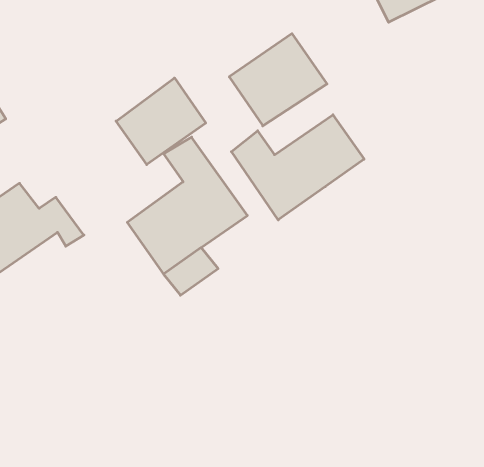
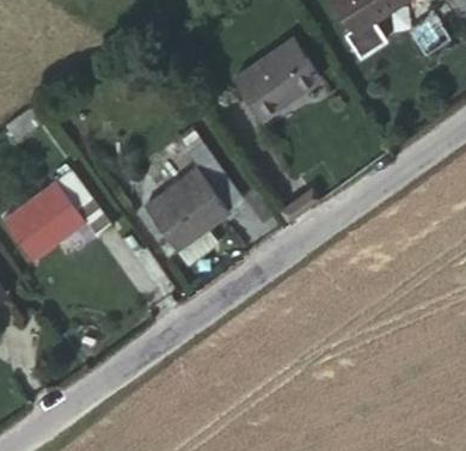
building: [116,78,206,165] -> none
building: [231,115,364,220] -> none

